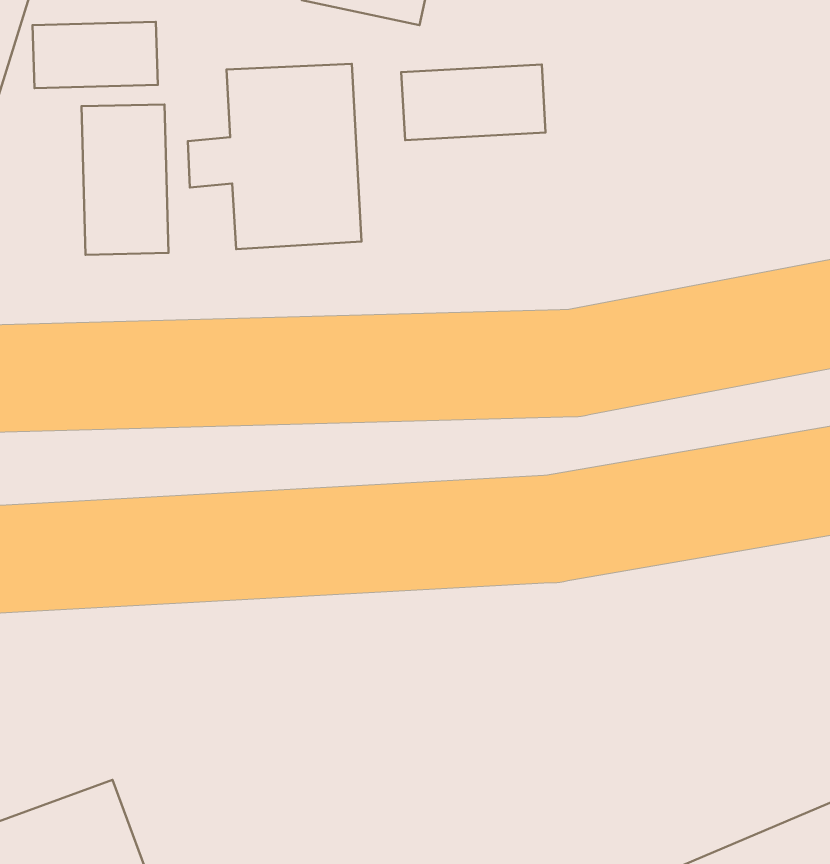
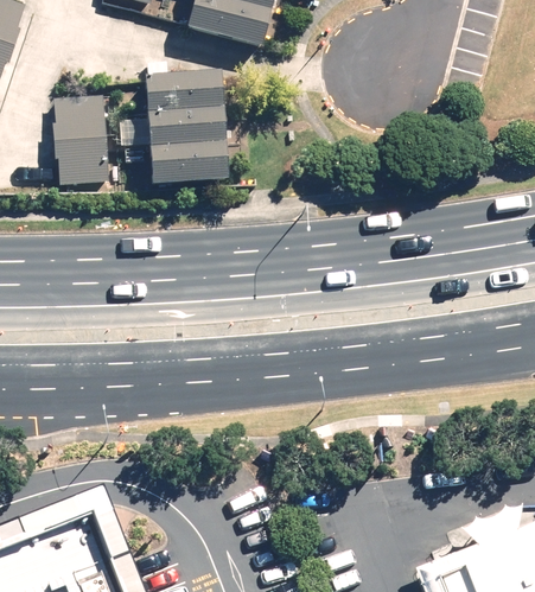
building: [33,22,158,88] -> none
building: [401,65,546,140] -> none

